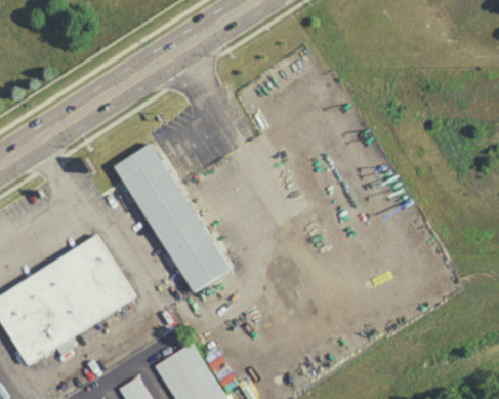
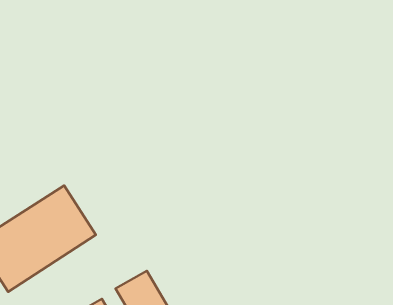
building: [115,147,231,293] -> none

